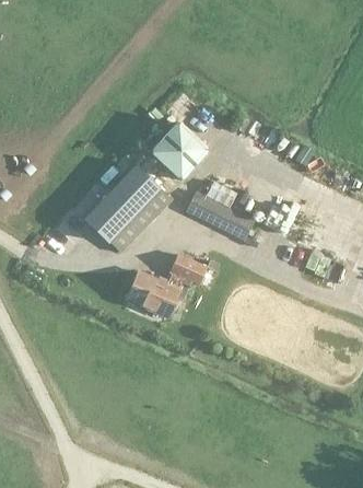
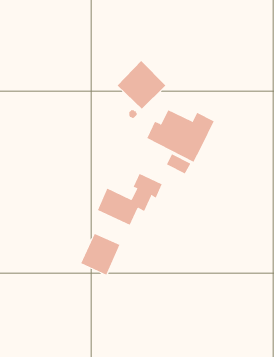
building: [81,165,168,253] -> none
building: none -> [81,233,120,275]

